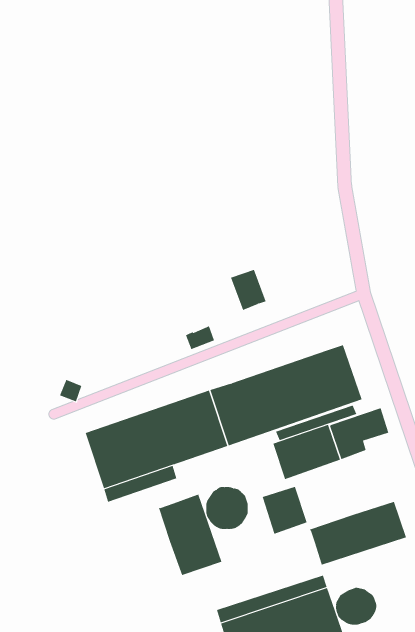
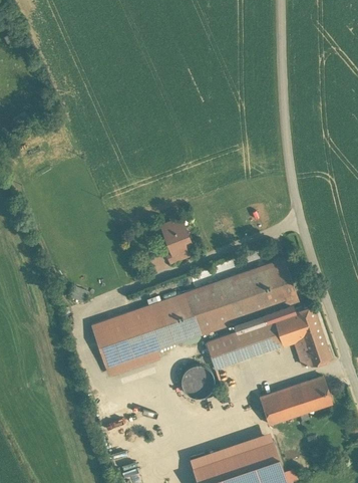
building: [230,269,266,311] -> [163,220,191,251]
building: none -> [298,326,331,367]
building: [262,486,307,535] -> [207,334,241,371]
building: [158,493,222,576] -> none
building: [336,587,377,626] -> none

